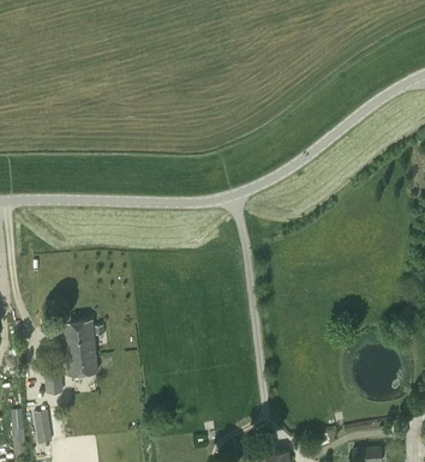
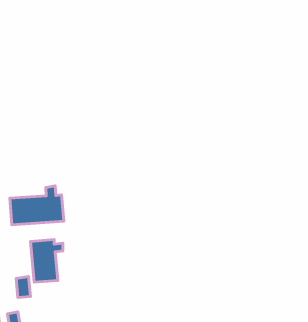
building: none -> [10,186,64,225]

